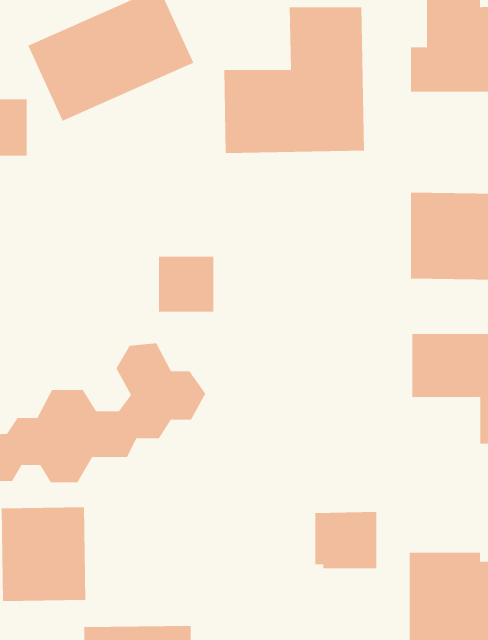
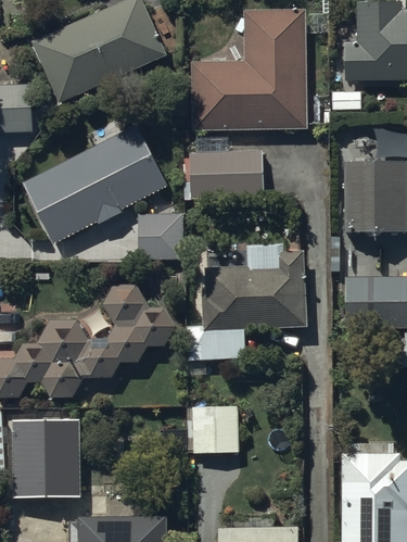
building: none -> [25,125,168,242]
building: none -> [189,151,264,196]
building: none -> [188,244,306,361]
building: [314,511,377,569] -> [188,405,239,452]

